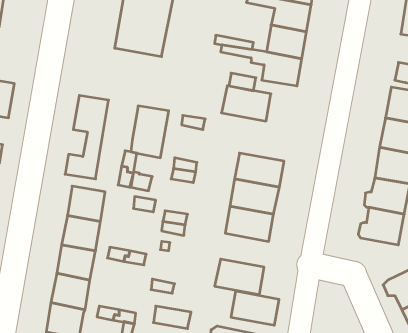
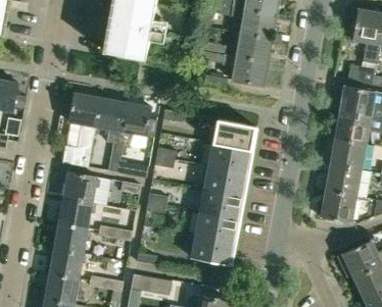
building: [221,86,271,121] -> [213,119,256,150]
building: none -> [95,97,126,132]
building: [231,291,279,325] -> [197,212,239,242]

